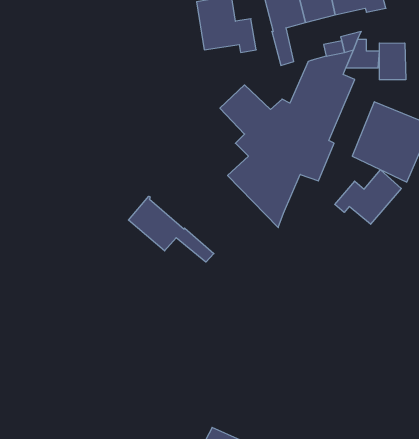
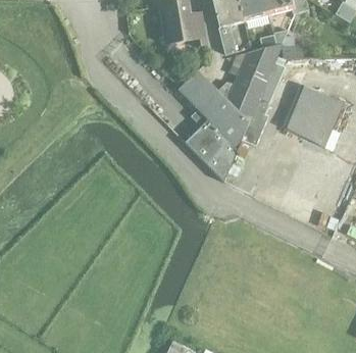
building: [379,43,406,80] -> none
building: [335,170,401,224] -> none
building: [128,196,214,262] -> none

